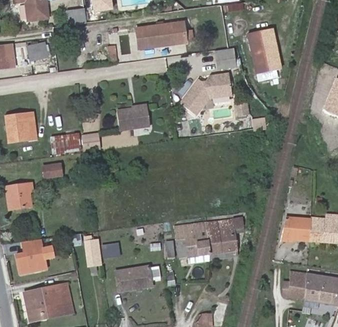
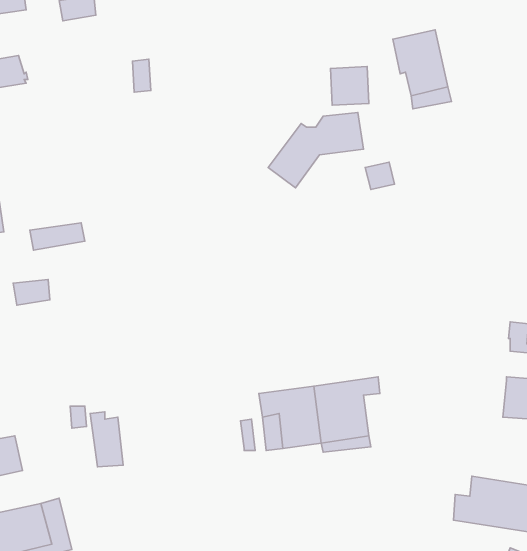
building: [137,21,193,48] -> none
building: [116,106,150,129] -> none
building: [281,217,311,240] -> none
building: [116,268,151,292] -> none

